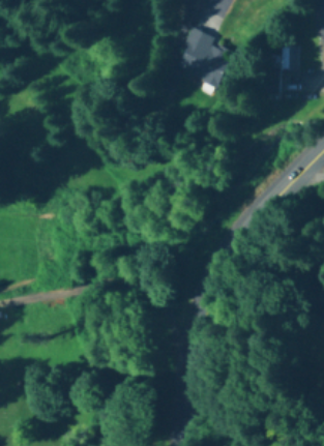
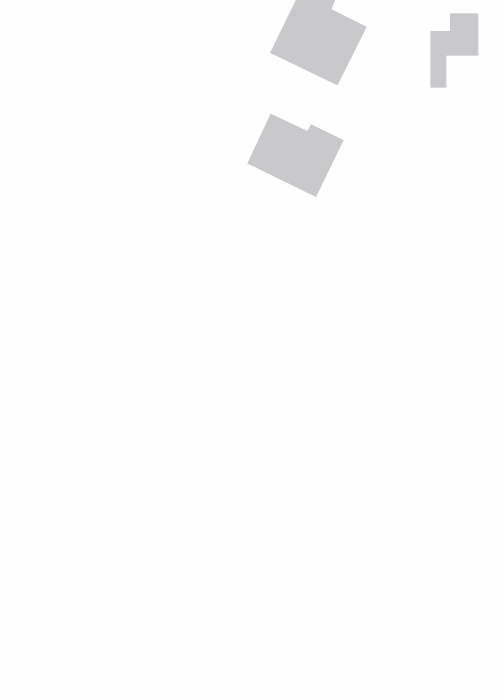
building: none -> [246,113,345,198]

